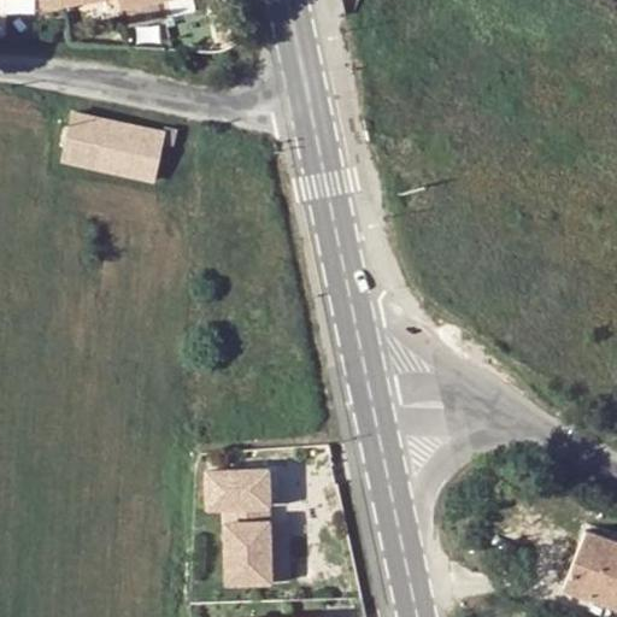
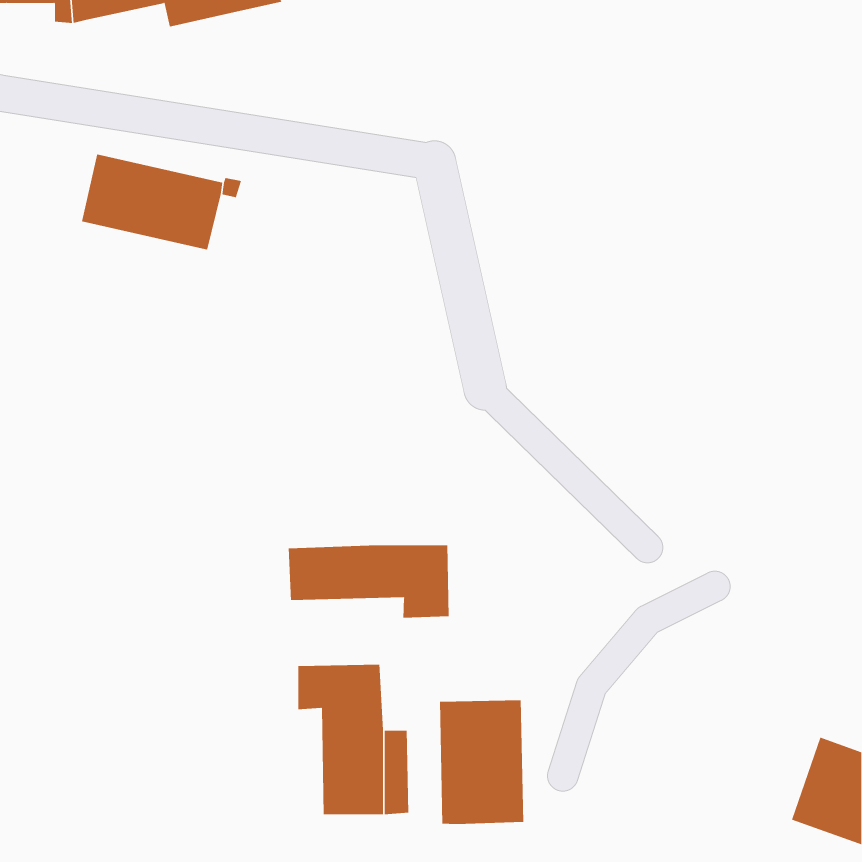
building: none -> [288,544,449,619]
building: none -> [439,700,524,825]

